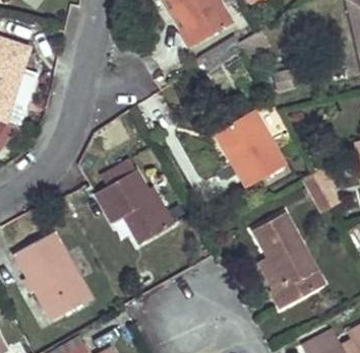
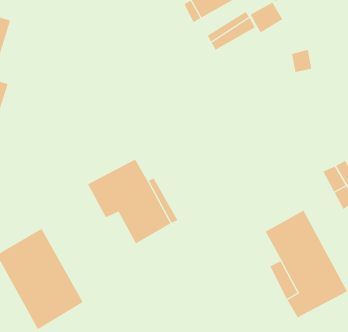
building: [214,109,286,190] -> none

